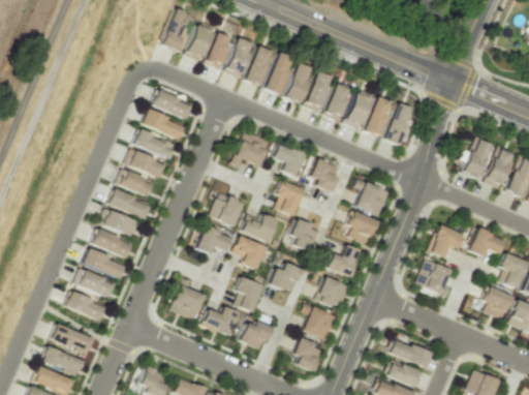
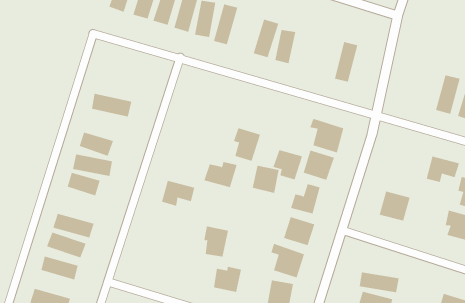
building: [287,64,312,103] -> none
building: [153,91,192,119] -> none
building: [346,93,371,129] -> none
building: [367,97,393,136] -> none
building: [143,111,185,140] -> none
building: [234,132,271,166] -> none
building: [463,140,493,180] -> none
building: [273,144,306,177] -> none
building: [126,150,166,179] -> none
building: [310,159,342,192] -> [273,149,303,180]
building: [212,193,243,226] -> none
building: [429,225,463,259] -> none
building: [92,230,132,260] -> none
building: [234,237,267,270] -> none
building: [271,265,302,293] -> none
building: [173,279,205,320] -> none
building: [203,307,239,336] -> none

